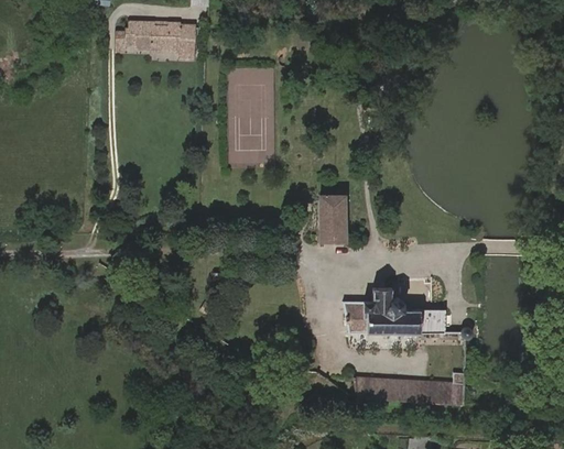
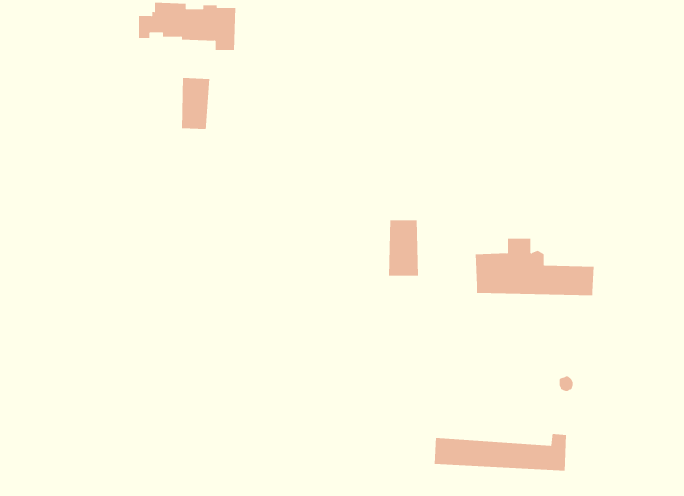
building: none -> [181,77,210,130]
building: [345,287,443,335] -> [475,238,594,296]

